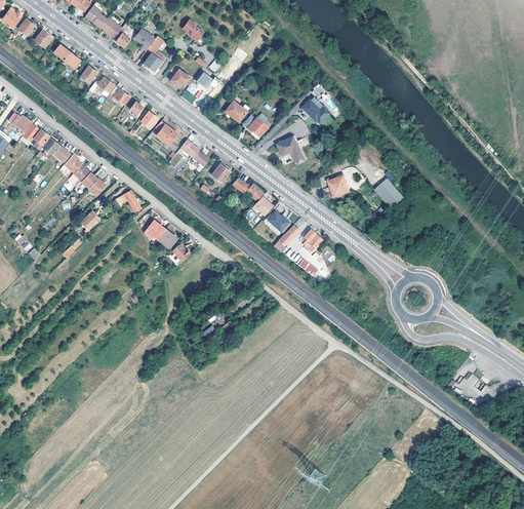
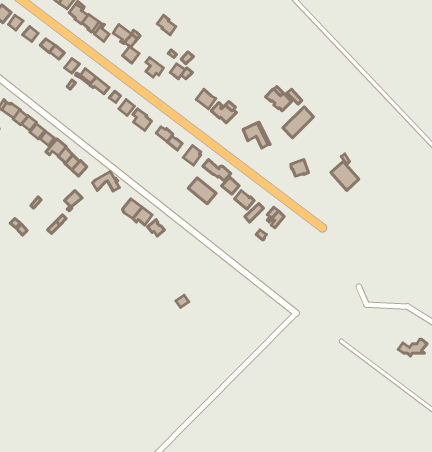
building: none -> [283,107,313,138]
building: none -> [188,178,216,204]

